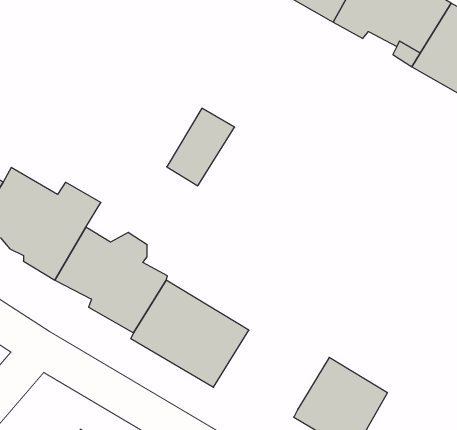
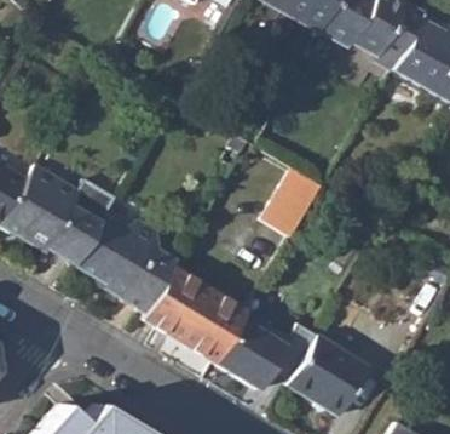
building: [167,108,235,186] -> [265,166,325,235]
building: none -> [217,309,319,388]

